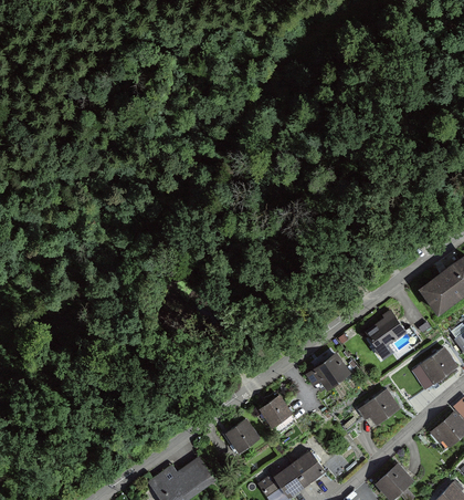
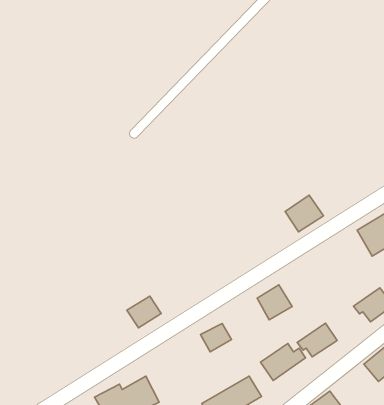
building: [366,312,407,352] -> [285,195,324,232]
building: none -> [261,343,305,381]
building: [223,418,260,452] -> [127,296,161,328]

